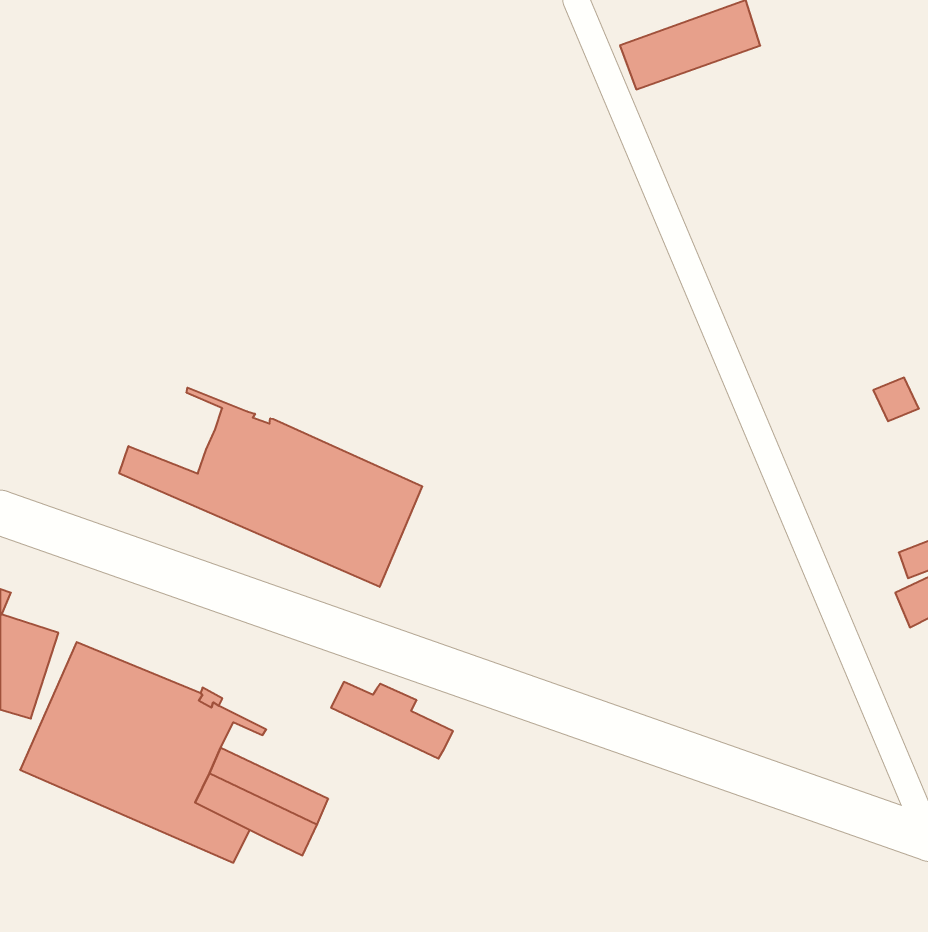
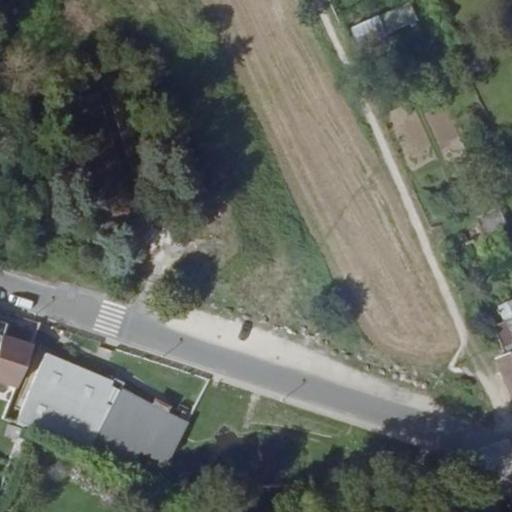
building: [119,388,422,587] -> none
building: [331,682,453,759] -> [123,396,190,438]

